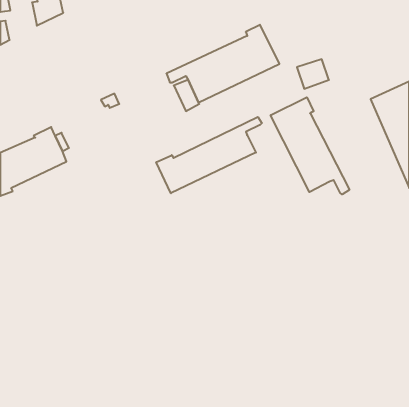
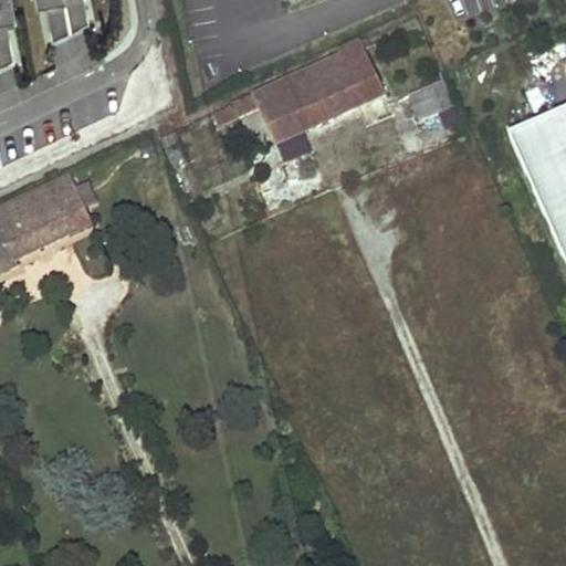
building: [271,97,349,194] -> none
building: [156,117,262,193] -> none

